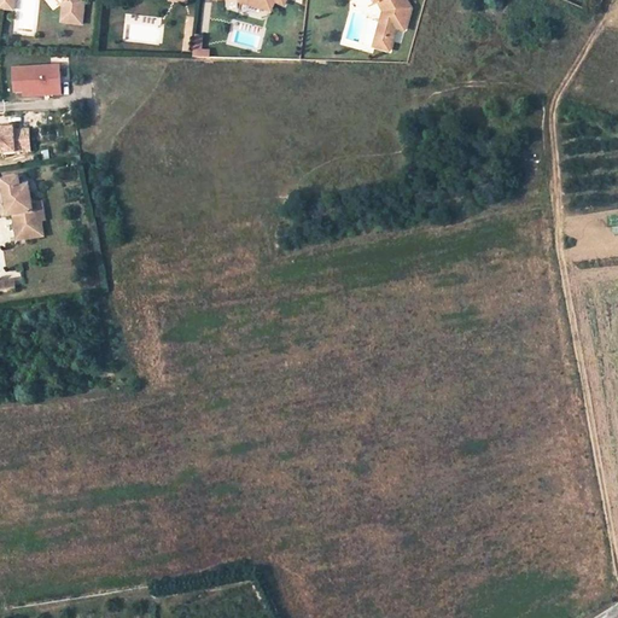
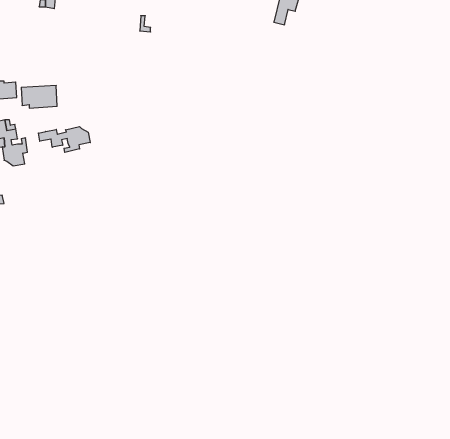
building: [13,65,62,95] -> [21,86,57,108]
building: none -> [38,127,90,152]

